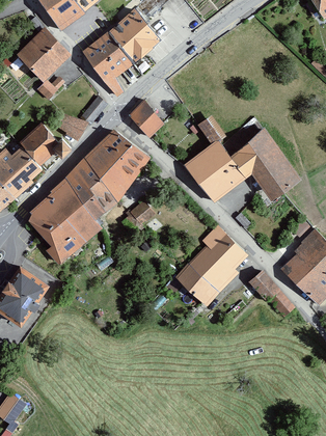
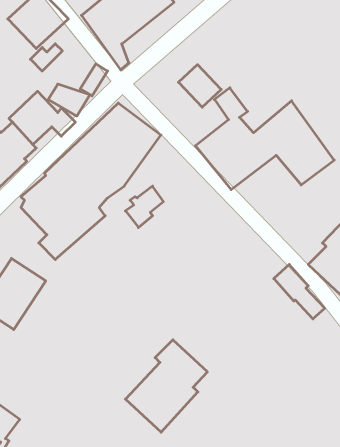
building: [128,101,165,138] -> [178,65,221,107]
building: [175,226,247,307] -> [125,340,207,432]

